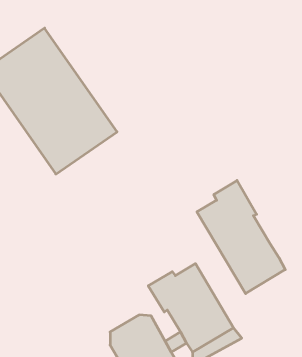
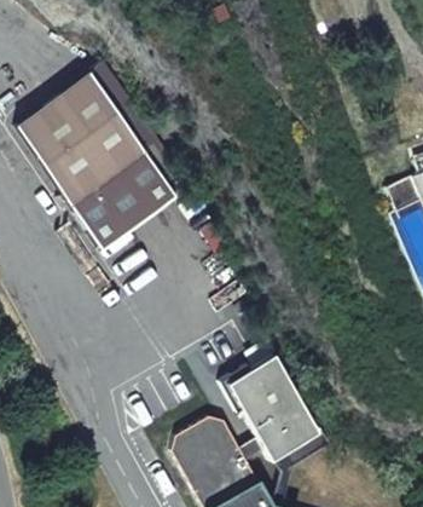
building: [197,180,285,294] -> none

